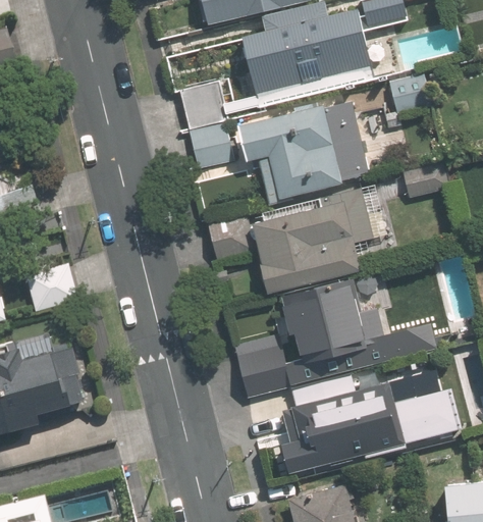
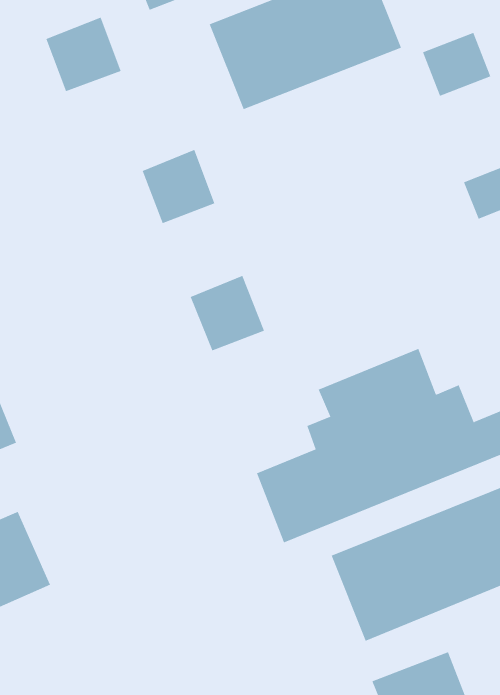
building: [178,81,226,127] -> [45,17,122,92]
building: [242,100,367,202] -> none
building: [255,188,374,291] -> none

